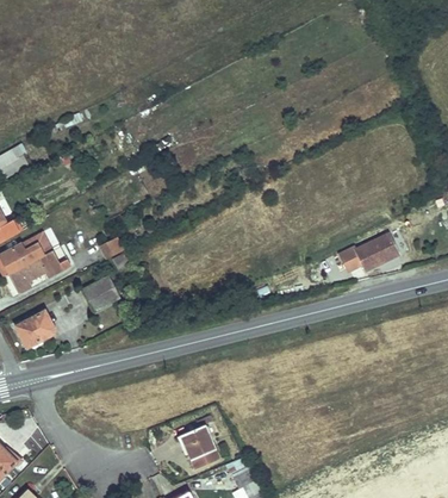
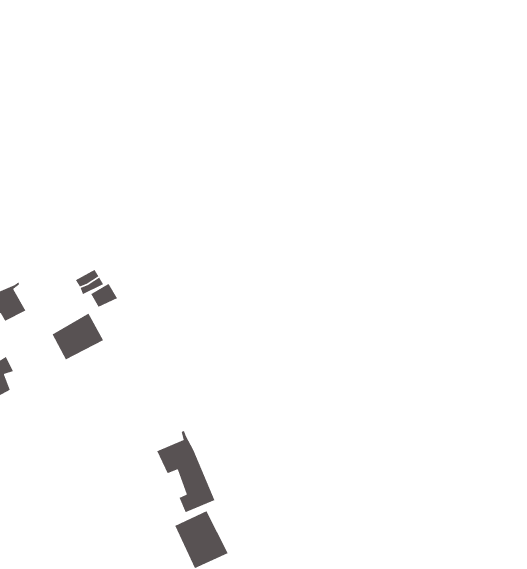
building: [336,228,399,270] -> none
building: none -> [156,430,216,513]

